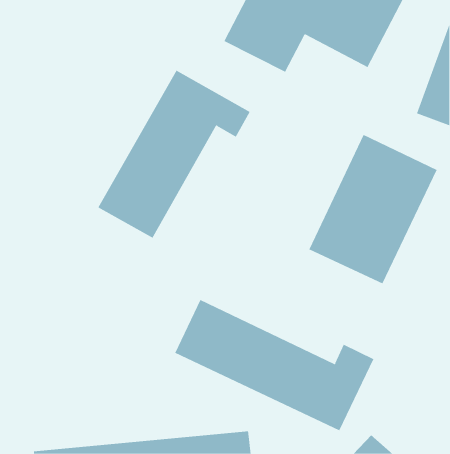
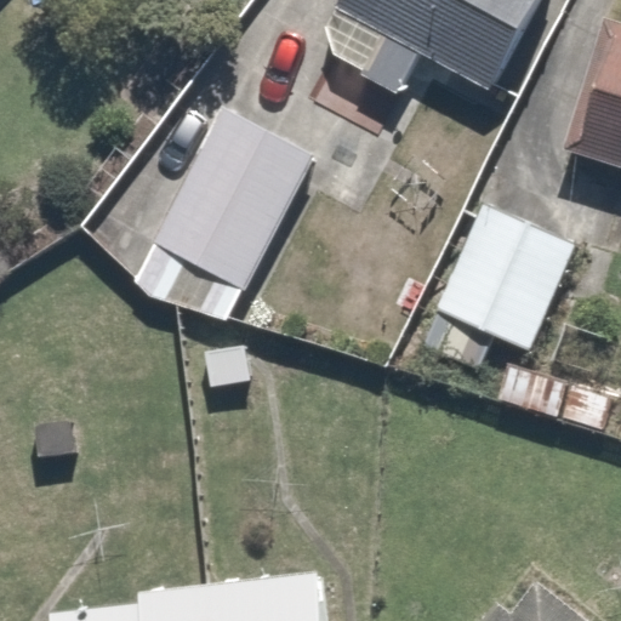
building: [174,299,374,431] -> none

